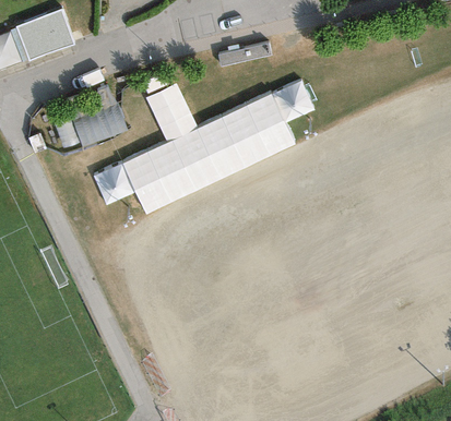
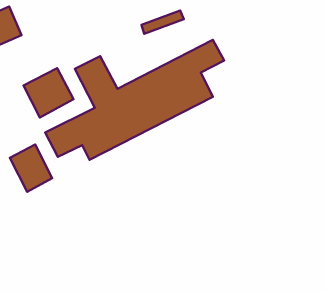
building: none -> [10,145,52,192]

